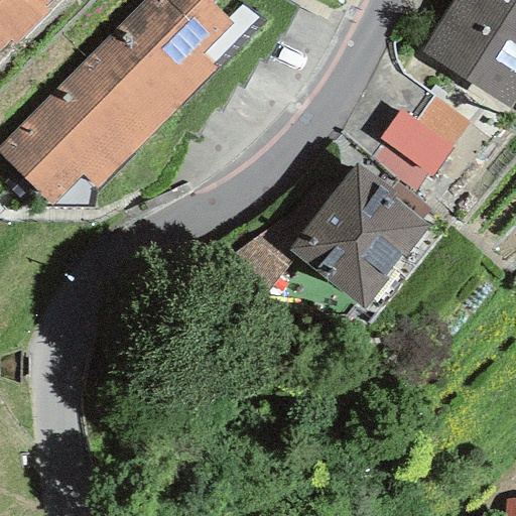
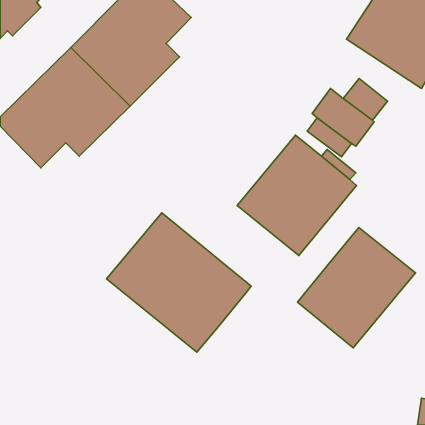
building: none -> [107,213,251,352]
building: none -> [298,227,415,348]

